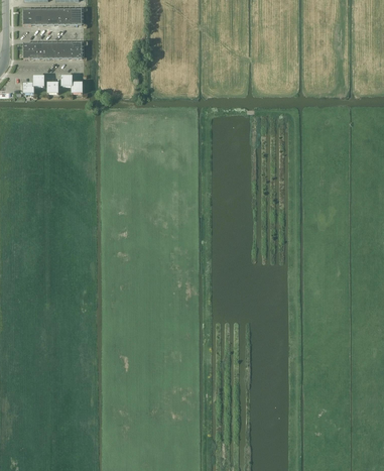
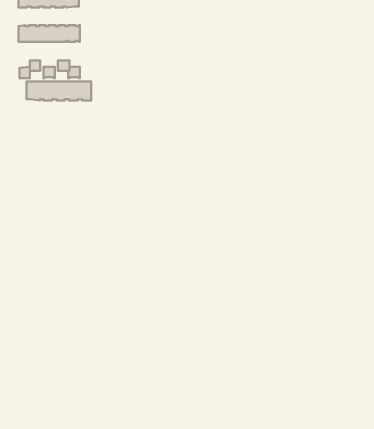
building: none -> [26,82,91,100]

